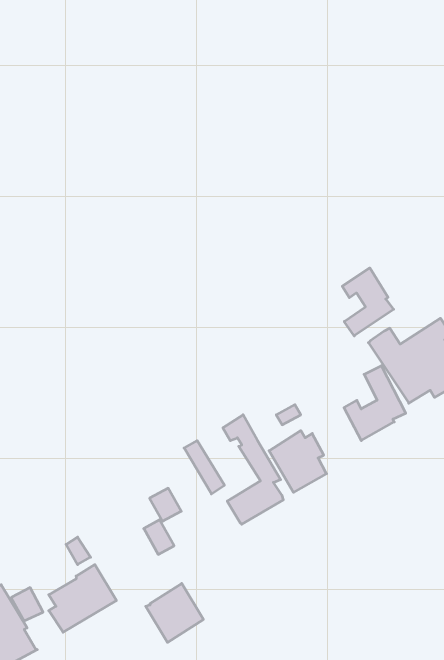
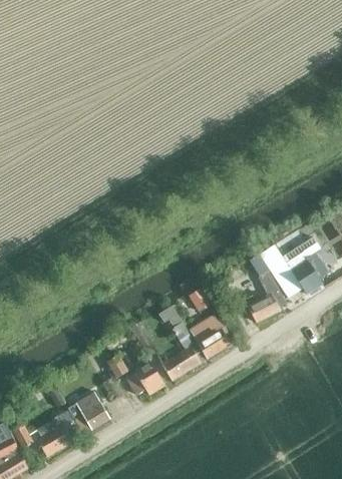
building: [342,268,394,336] -> none
building: none -> [125,363,163,395]
building: [146,583,203,642] -> [68,392,108,433]

